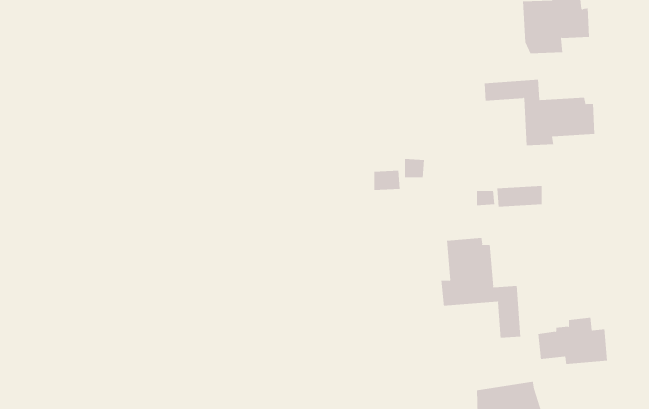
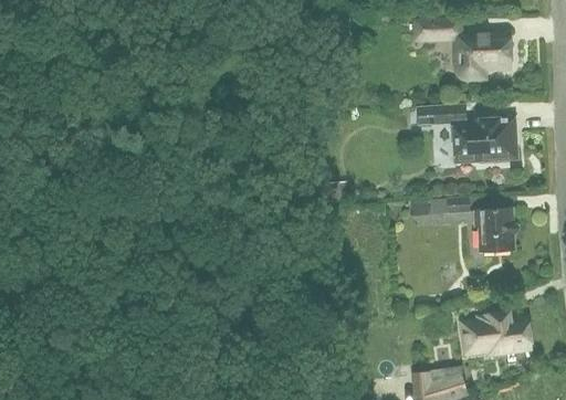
building: none -> [473,208,516,252]
building: [441,237,521,338] -> none

